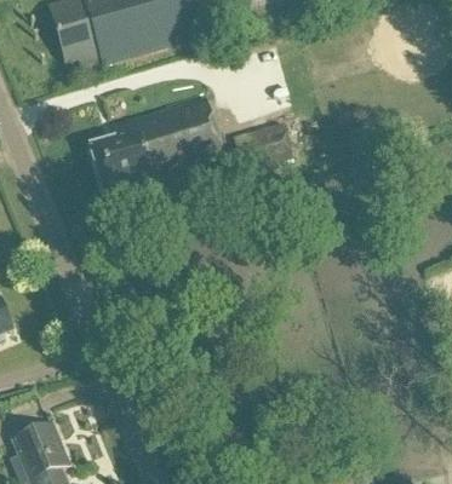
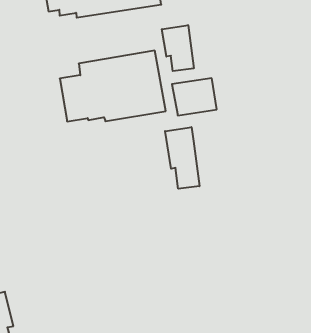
building: none -> [162,25,194,71]
building: none -> [165,127,199,189]

